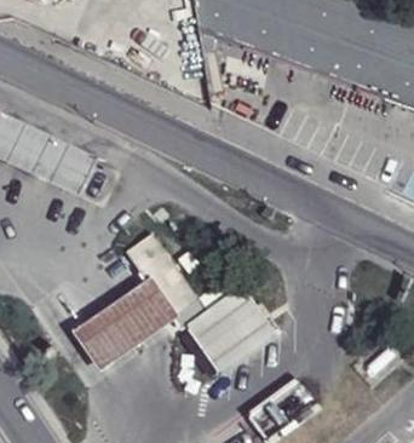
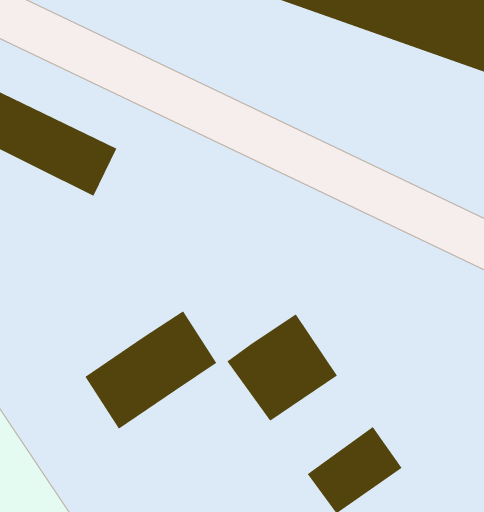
building: [126,230,202,324] -> none

